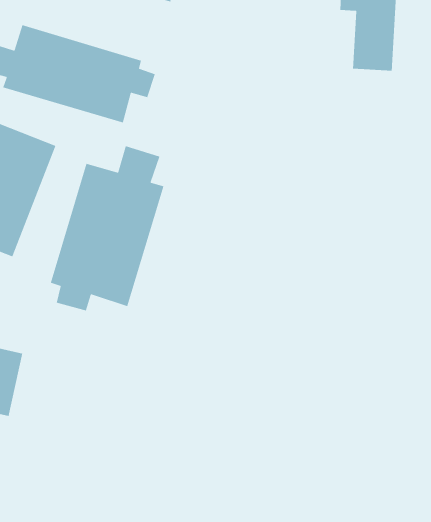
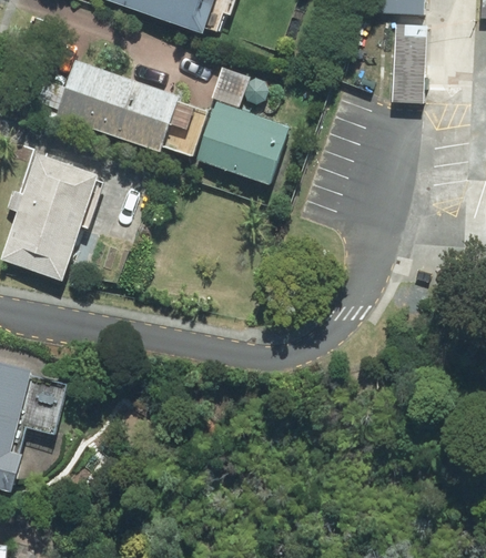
building: none -> [192,63,293,183]
building: [50,145,164,311] -> none

